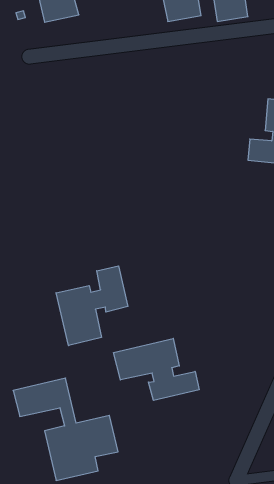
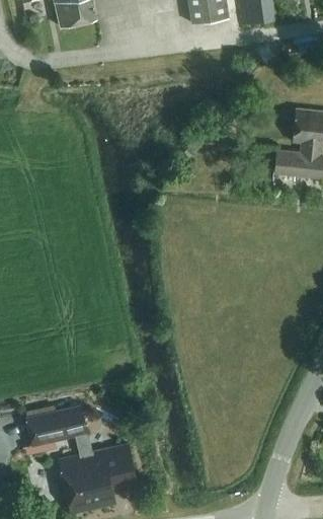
building: [56,266,128,346] -> none
building: [114,338,199,400] -> none

